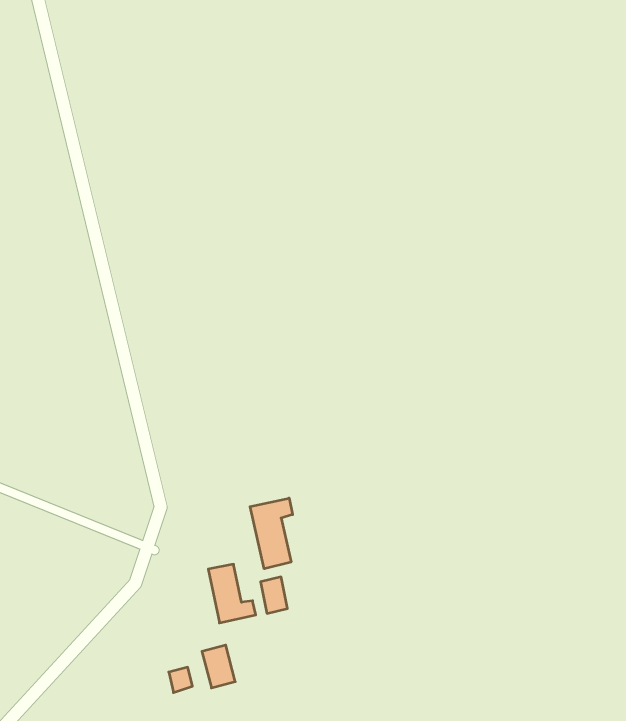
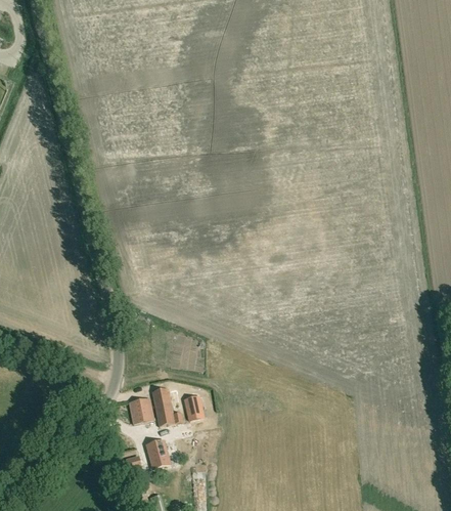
building: [250,498,293,569] -> none
building: none -> [129,397,153,423]

